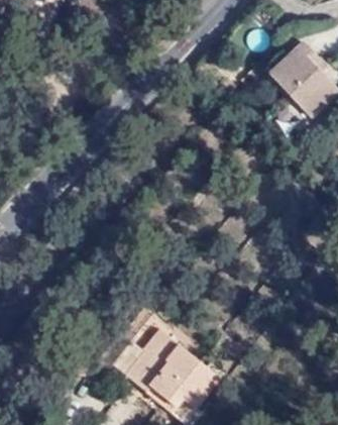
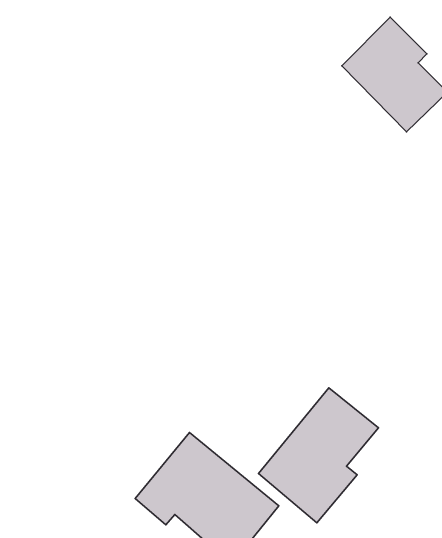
building: none -> [259,388,378,523]

